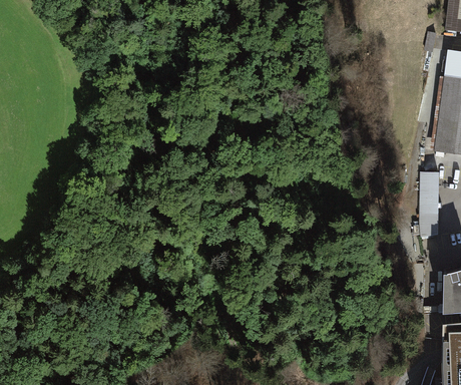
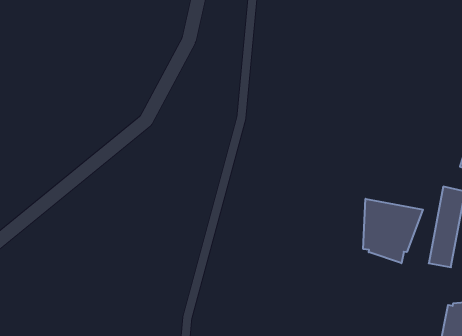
building: none -> [363,199,423,263]

